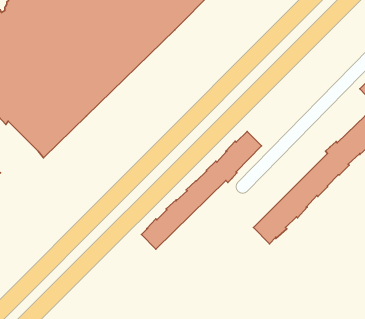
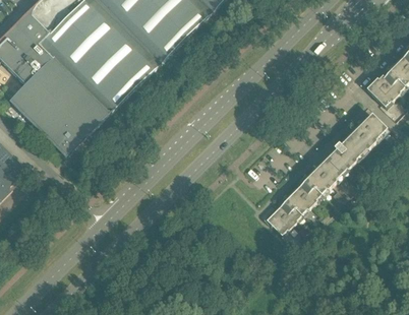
building: [142,131,261,249] -> none

